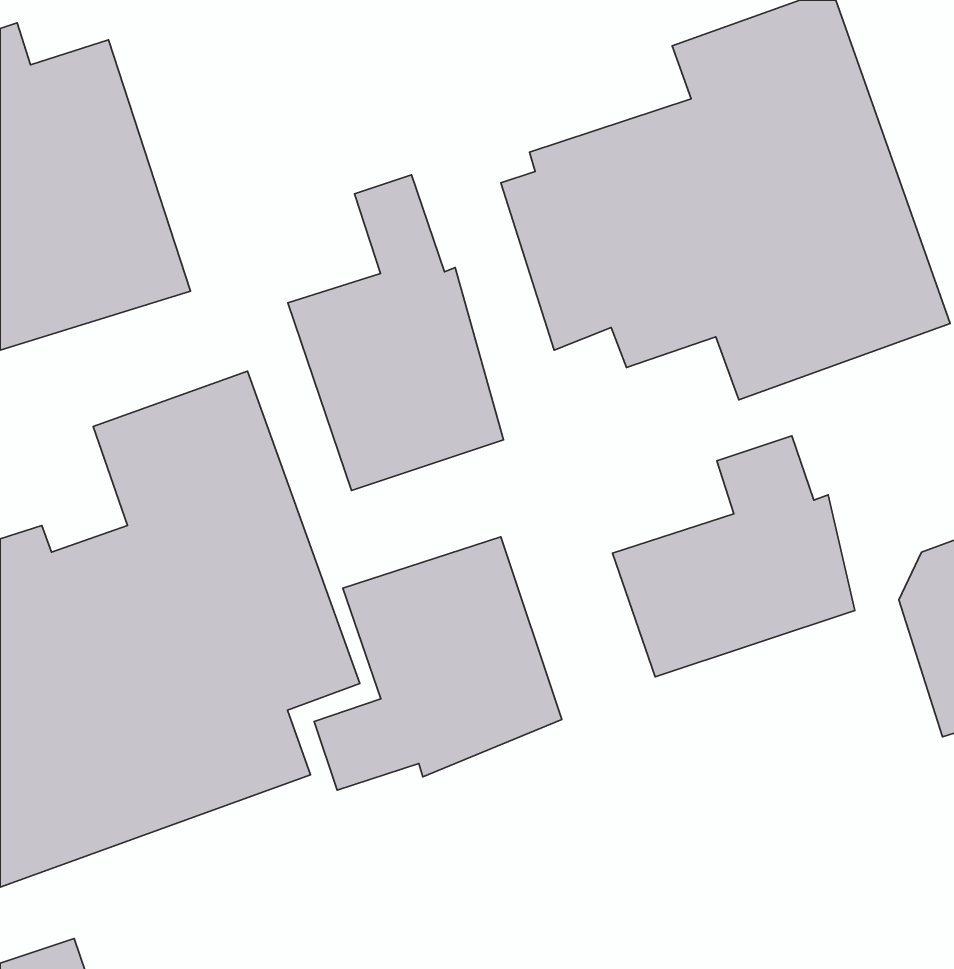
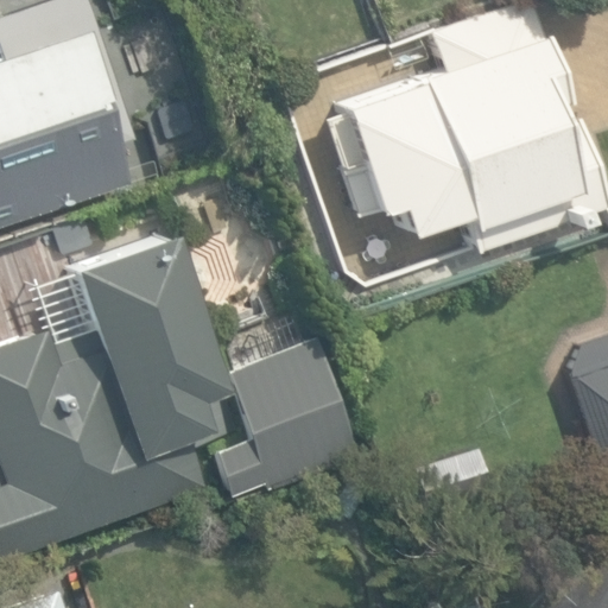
building: [288,175,504,490] -> none
building: [612,436,855,677] -> none

